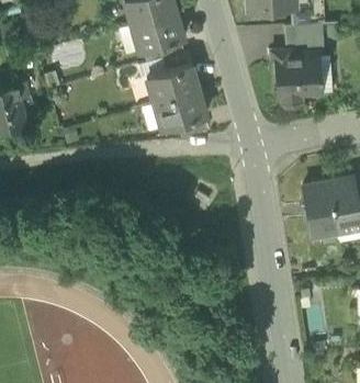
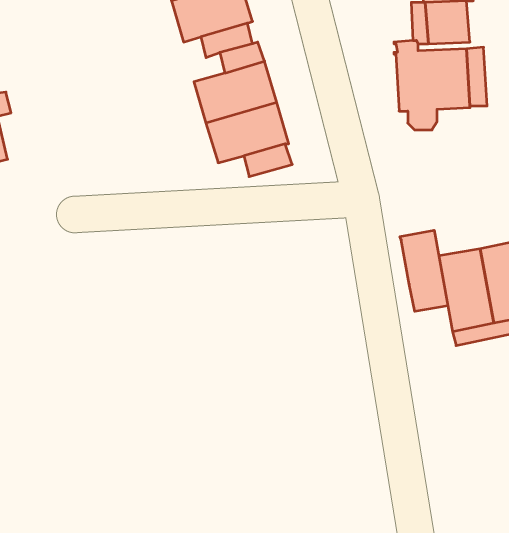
building: none -> [400,230,448,311]

